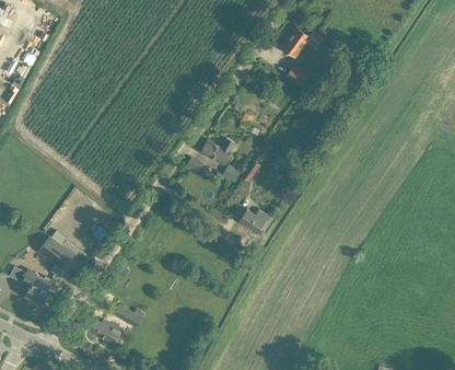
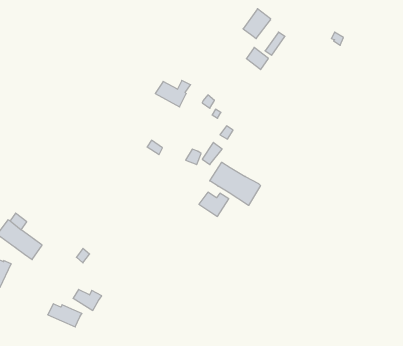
building: [199,138,234,164] -> [155,80,191,107]
building: none -> [210,162,260,205]

